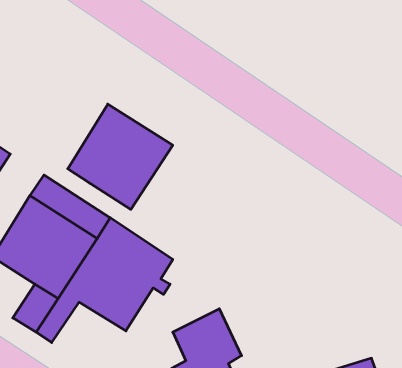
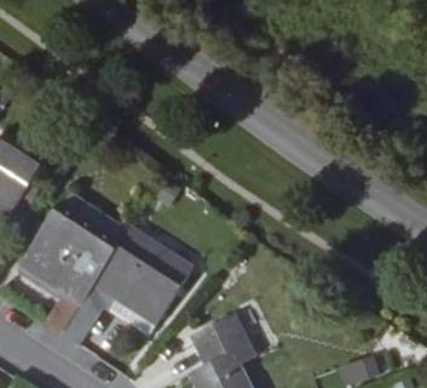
building: [68,104,173,209] -> none

